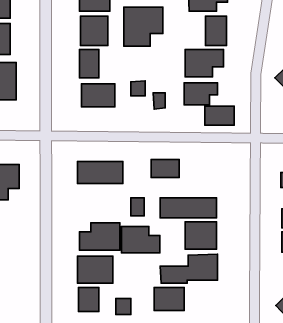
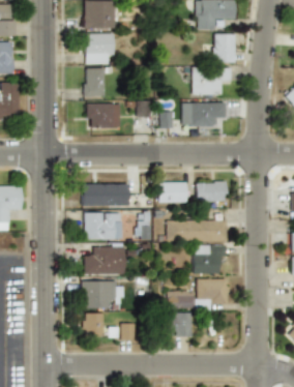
building: [124,7,163,46] -> none
building: [205,106,234,125] -> [196,182,226,202]
building: [122,226,160,253] -> [84,212,123,239]

